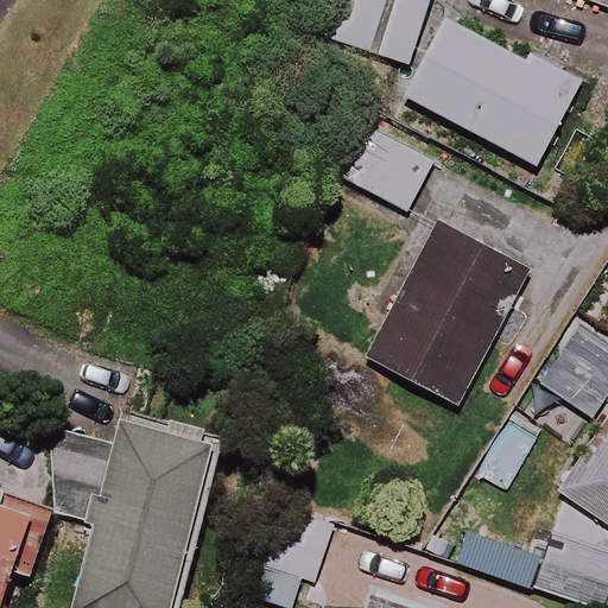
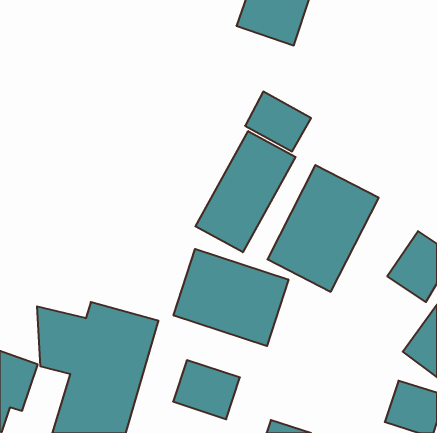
building: [406,19,580,163] -> none
building: none -> [195,131,296,252]
building: none -> [174,249,288,346]

